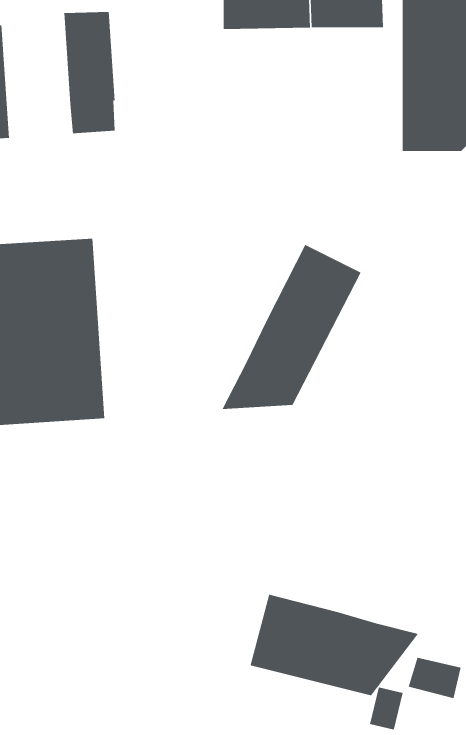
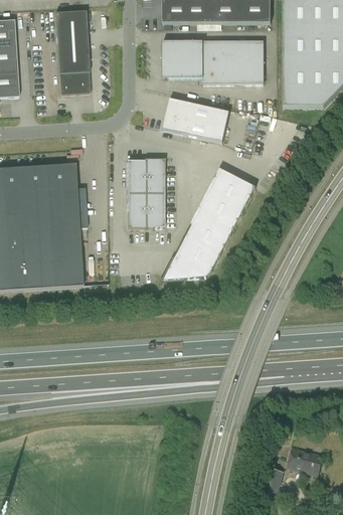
building: none -> [162,39,264,82]
building: none -> [163,98,229,141]
building: none -> [127,158,164,227]
building: [250,594,419,696] -> none

